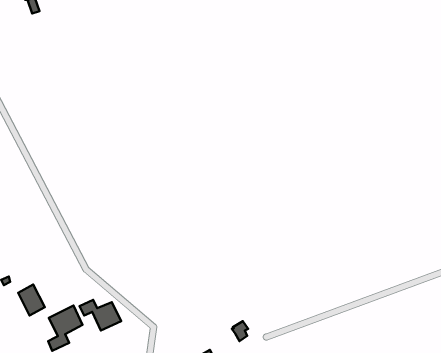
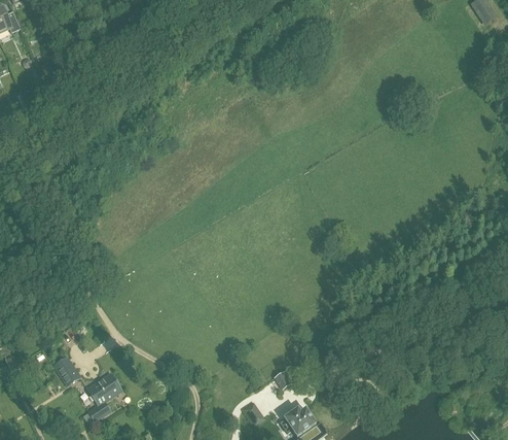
building: [79,300,121,330] -> none

